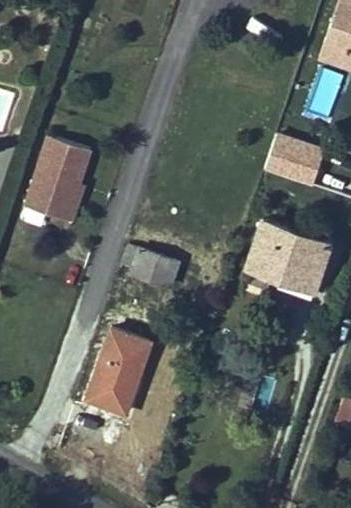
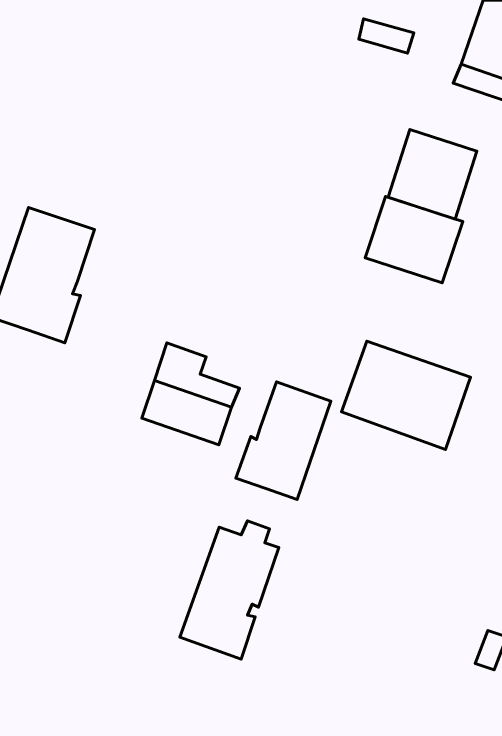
building: none -> [388,129,477,219]
building: none -> [236,382,331,499]
building: [87,327,150,415] -> [180,521,279,659]

